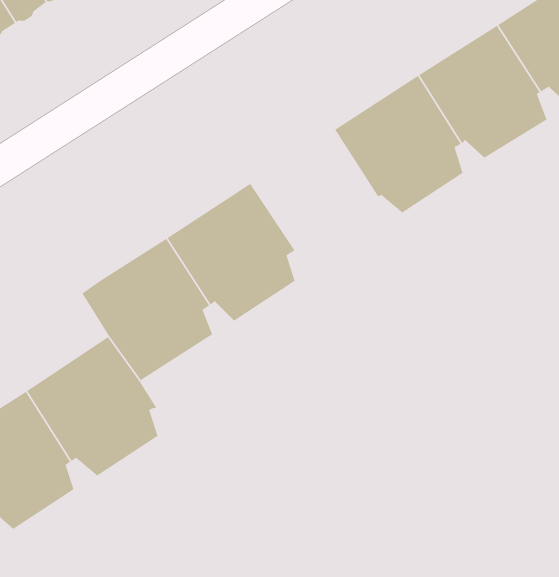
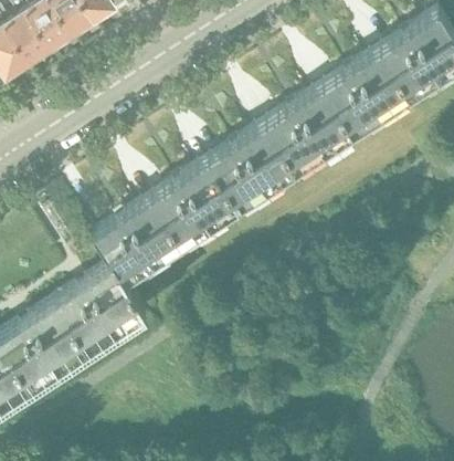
building: none -> [207,116,295,210]

